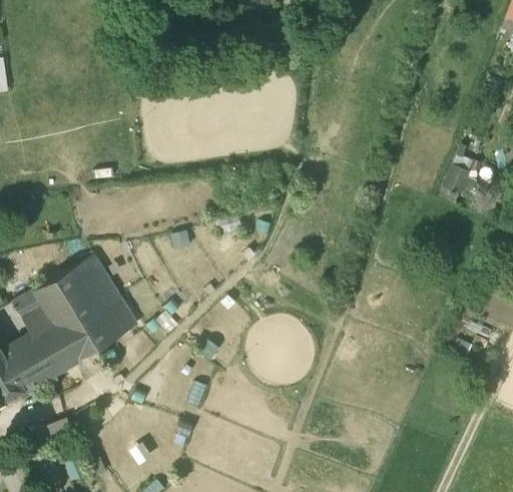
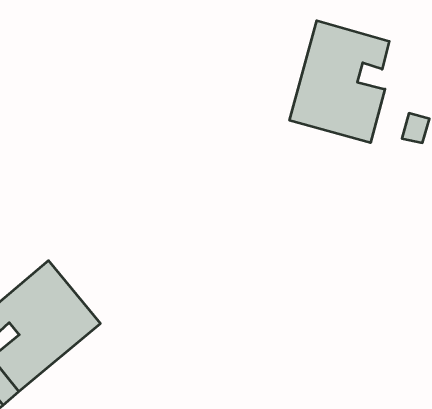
building: none -> [290,21,389,143]

